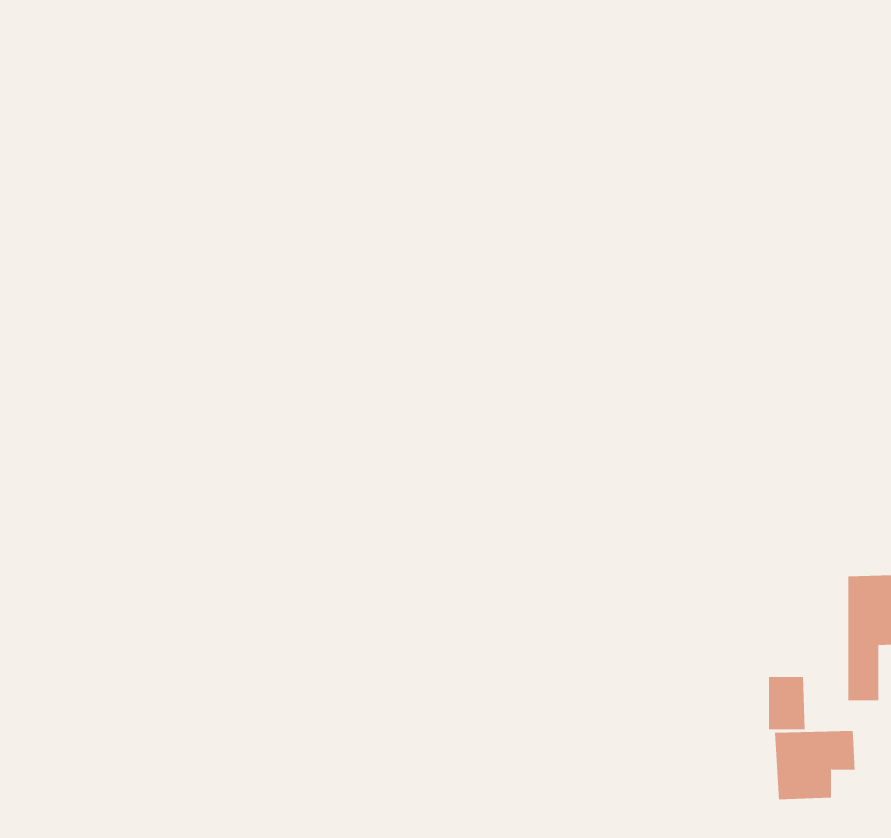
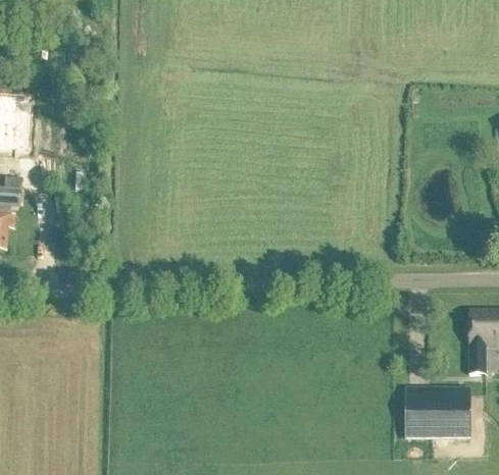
building: [768,677,806,730] -> [407,412,427,439]

